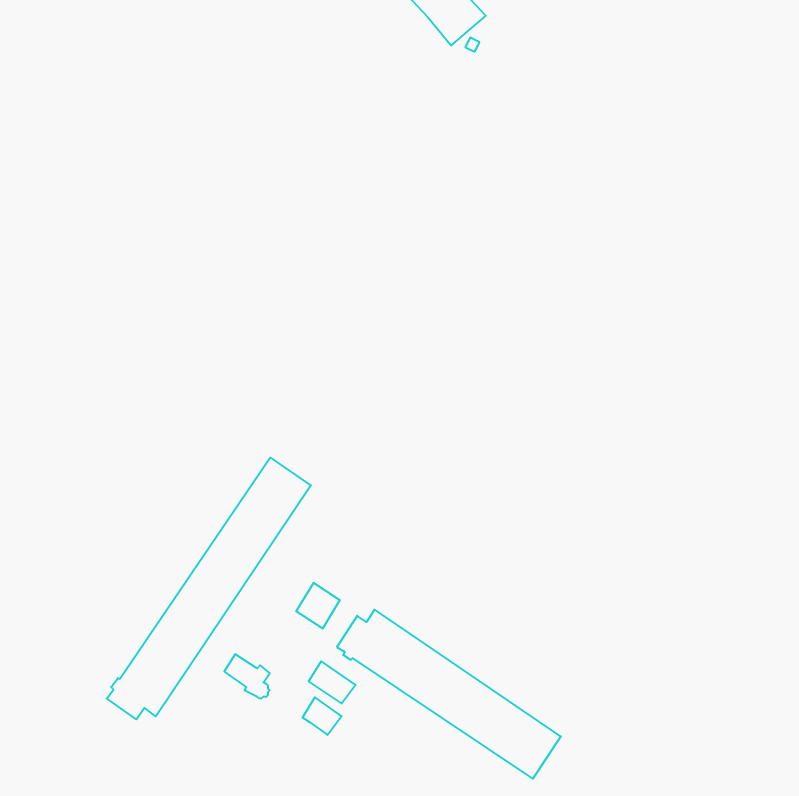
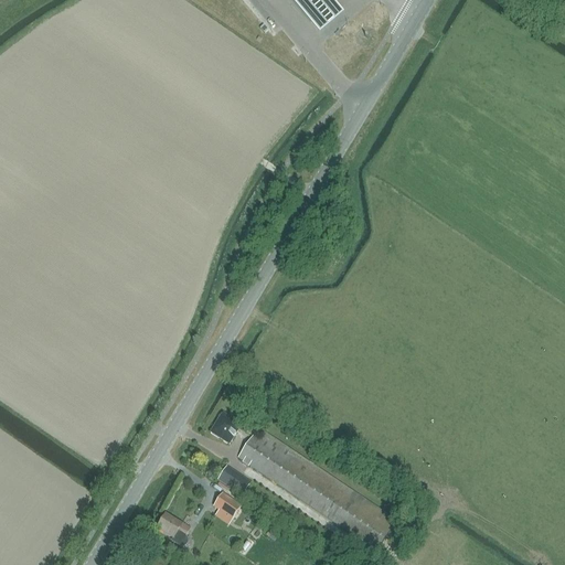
building: [107,458,311,719] -> none
building: [224,654,270,698] -> [156,514,188,545]

